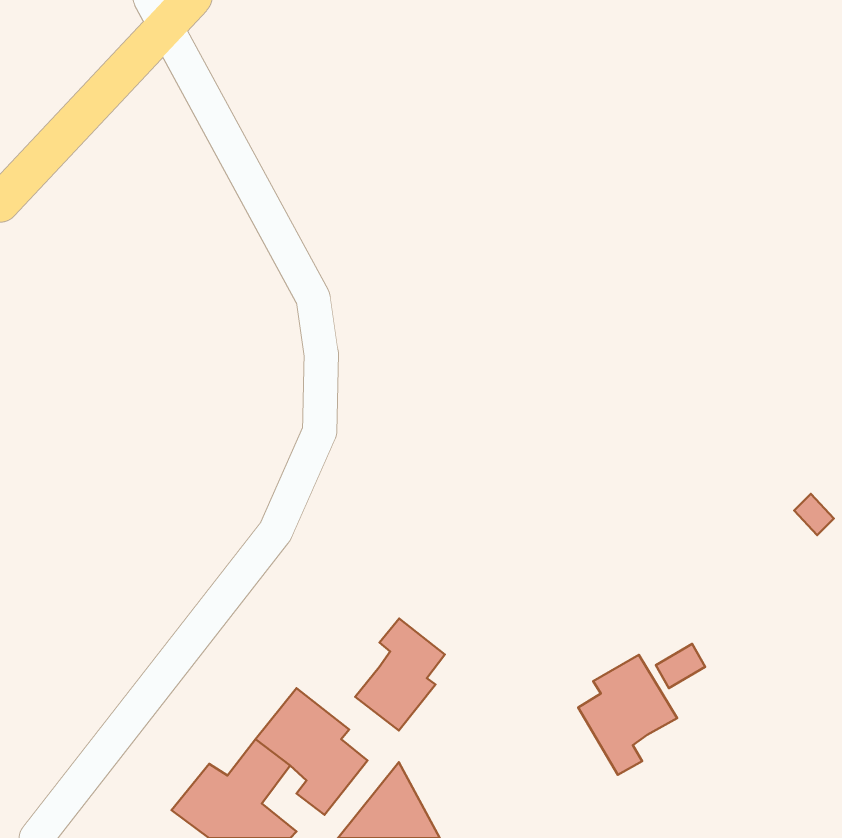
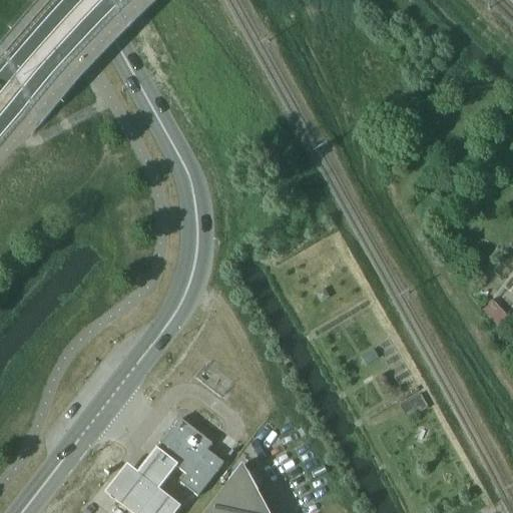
building: [355,619,445,730] -> none
building: [578,655,677,775] -> none

